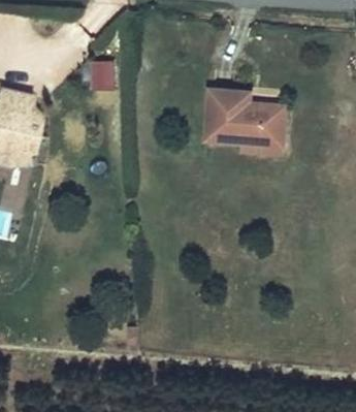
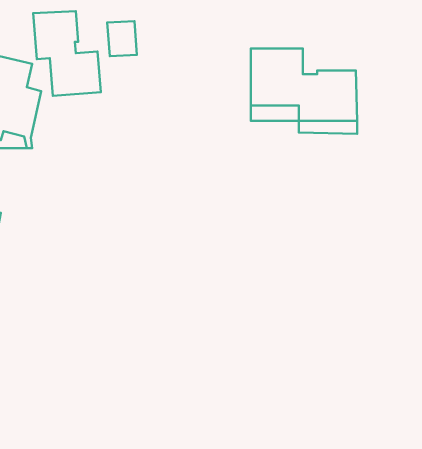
building: none -> [33,11,101,96]

